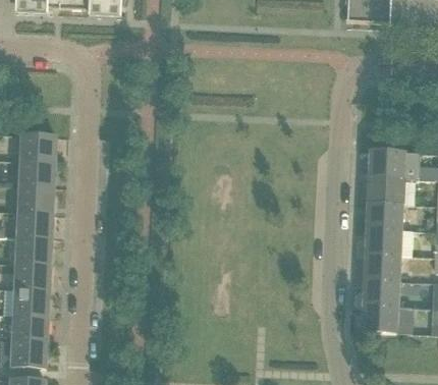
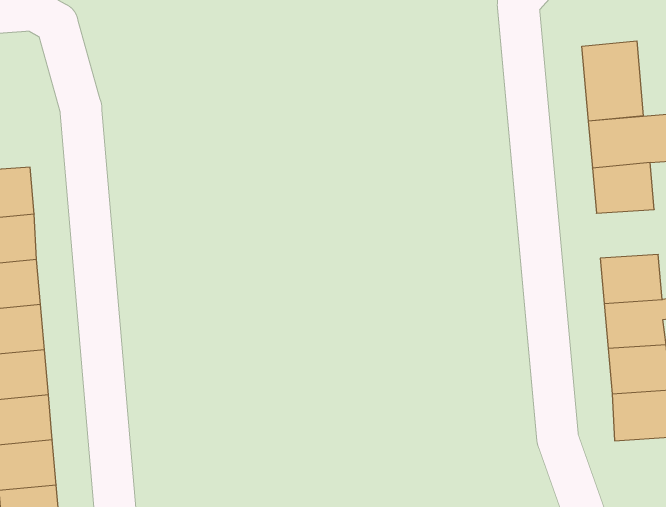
building: none -> [582,41,643,121]
building: [367,200,400,227] -> none

